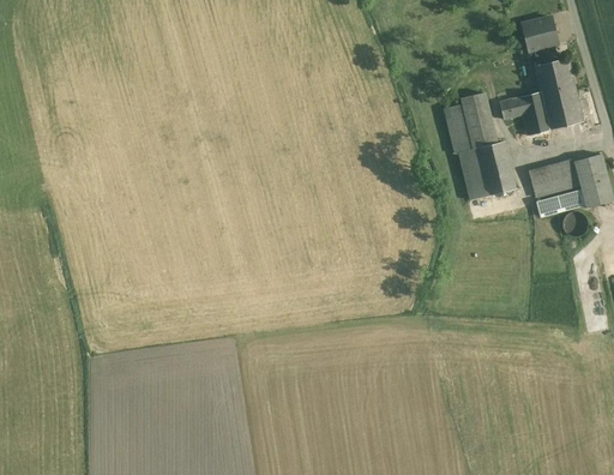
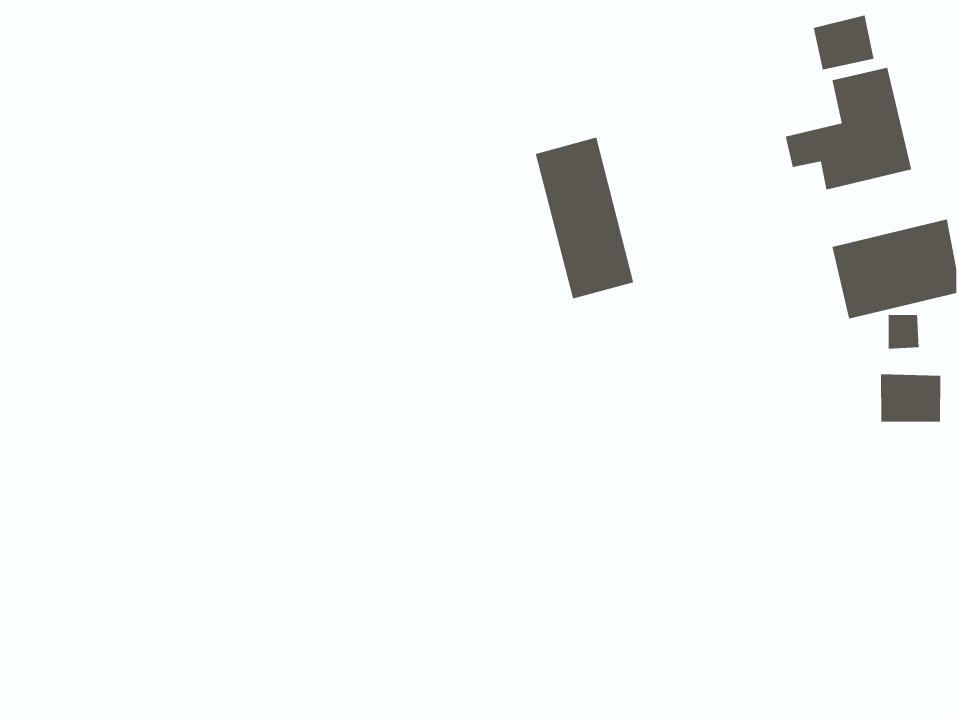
building: [445,98,508,203] -> [535,137,634,300]
building: none -> [880,373,941,423]

